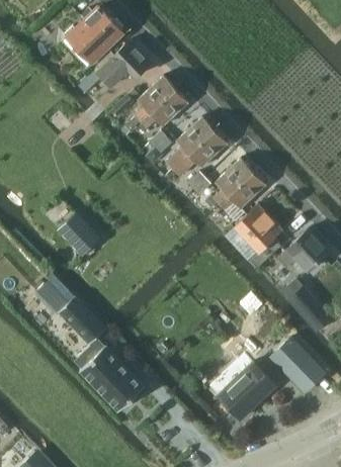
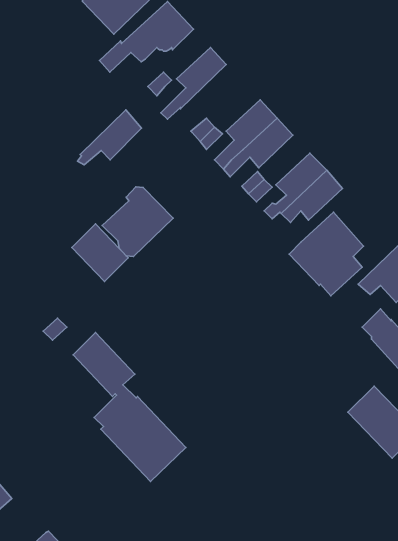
building: [140,88,189,130] -> [77,110,142,165]
building: none -> [102,187,173,256]
building: [218,361,276,419] -> none

